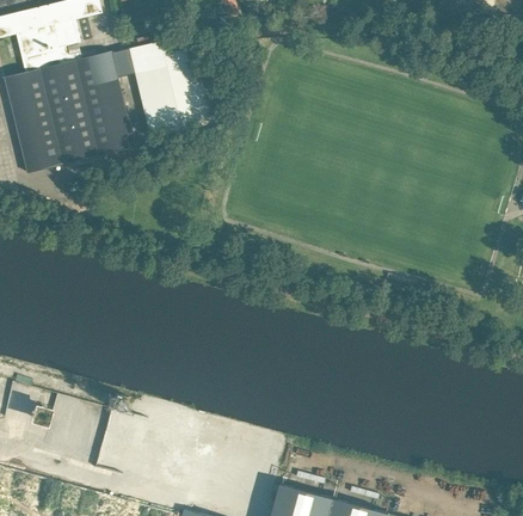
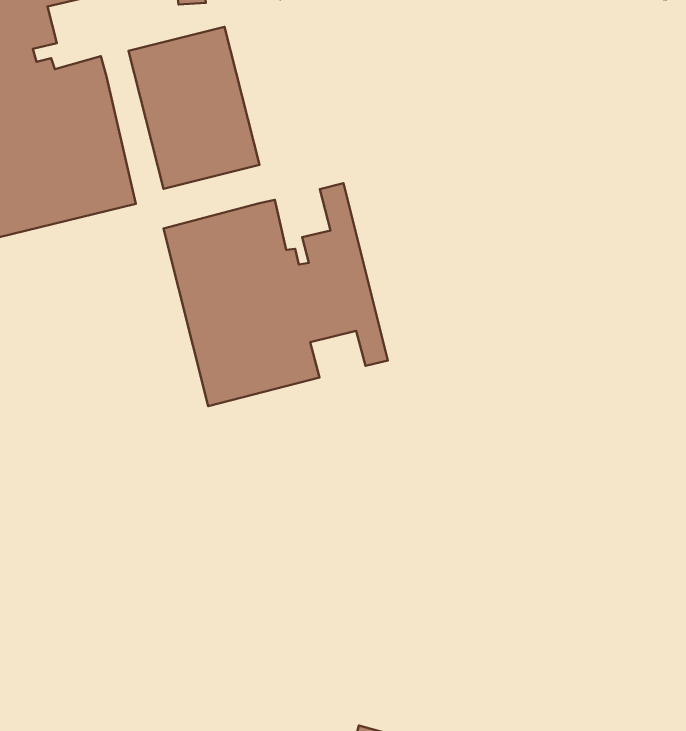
building: none -> [164,183,388,406]

